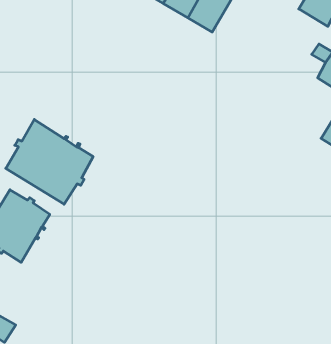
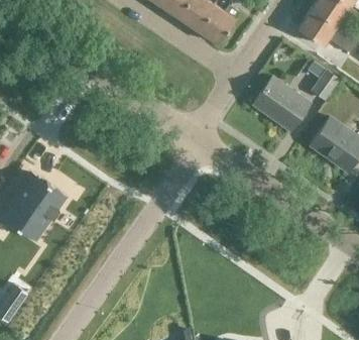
building: none -> [254,78,311,130]
building: [6,119,93,204] -> none

